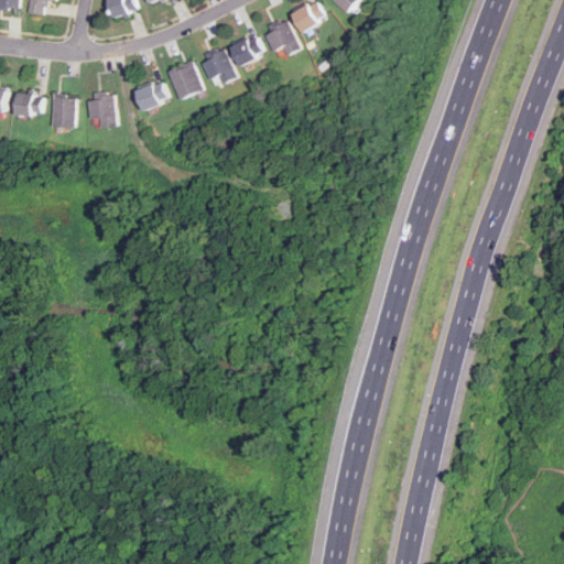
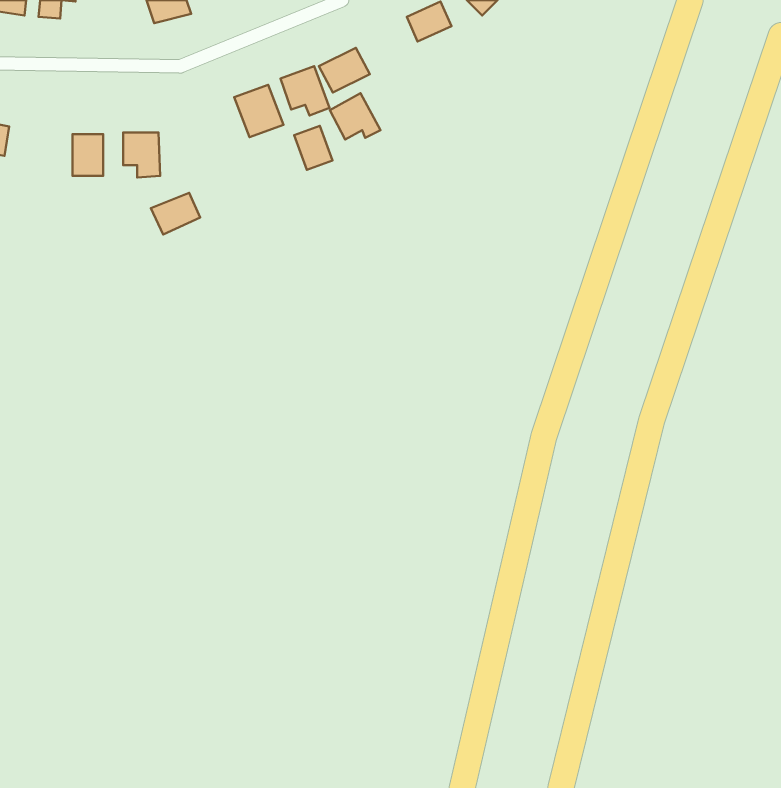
building: [262,19,299,52] -> [330,93,381,139]
building: [133,80,169,110] -> [151,193,200,234]
building: none -> [294,126,332,170]
building: [13,91,43,117] -> none

